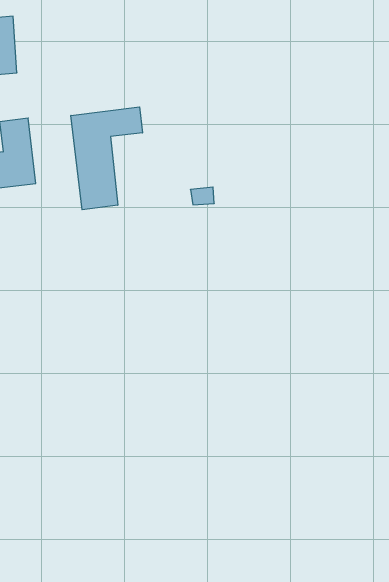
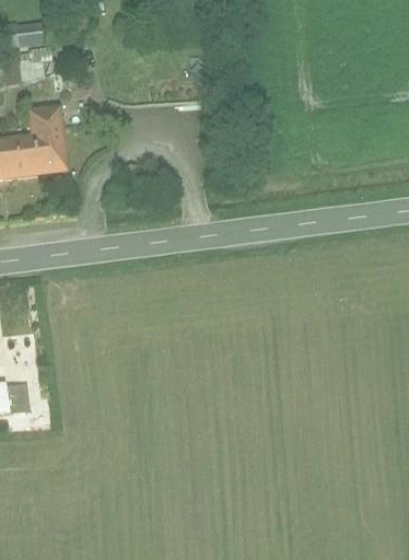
building: [71,107,142,210] -> none

